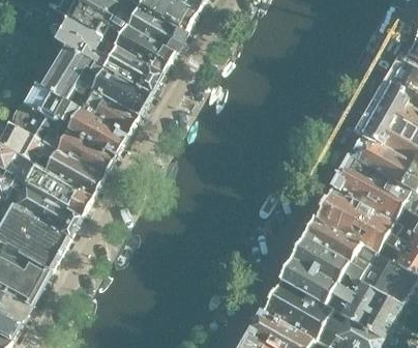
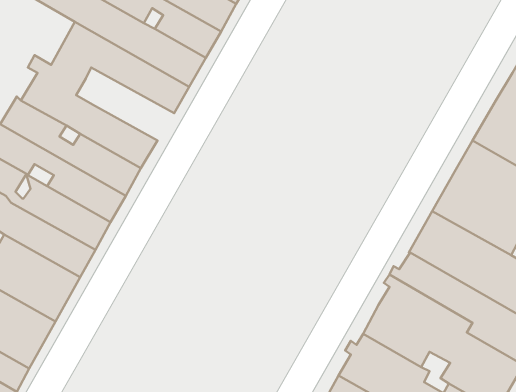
building: [72,78,139,133] -> none

